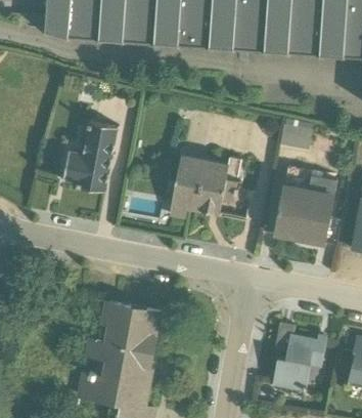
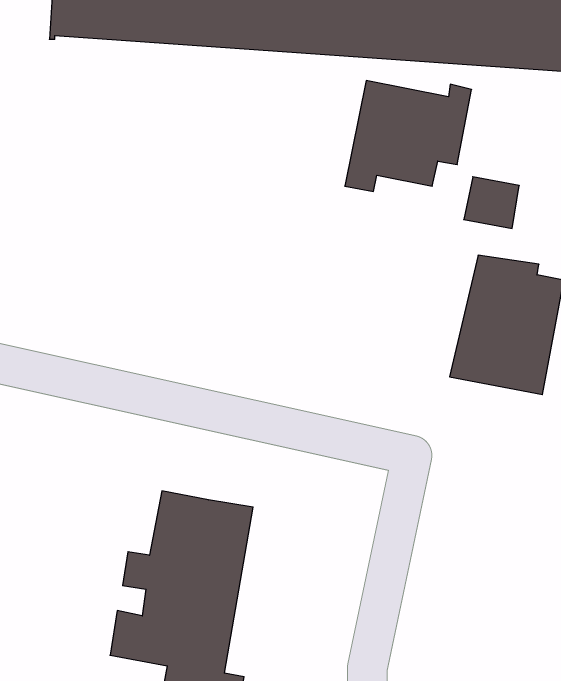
building: [64,118,119,187] -> none
building: [170,152,242,215] -> [345,81,472,191]
building: [274,318,327,392] -> none

